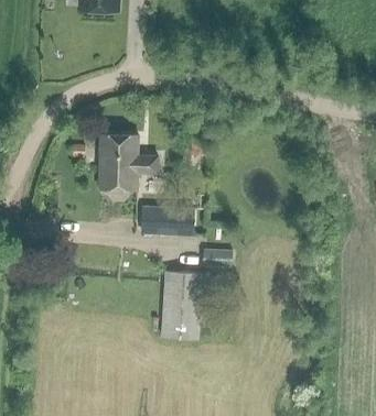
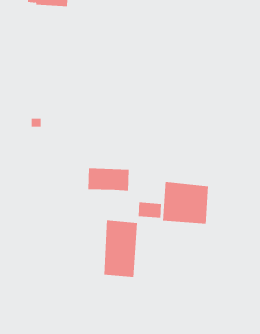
building: [98,133,158,189] -> none
building: none -> [163,181,208,224]

